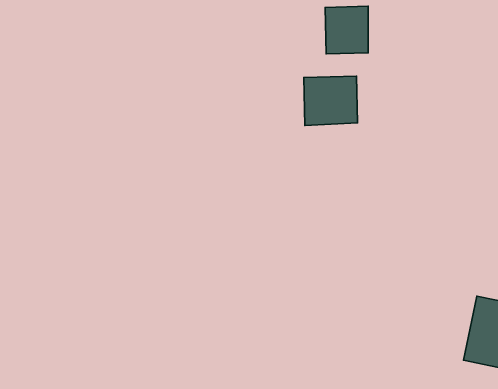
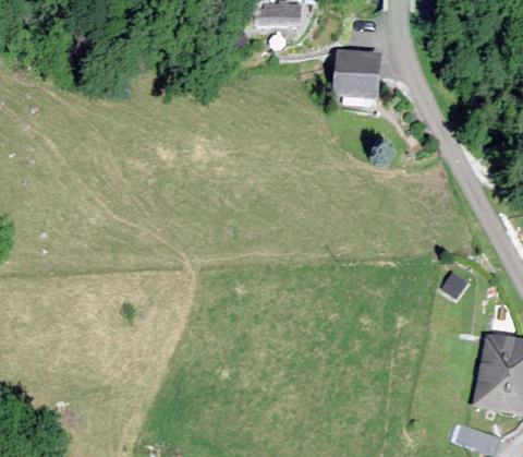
building: [304,76,358,125] -> none

